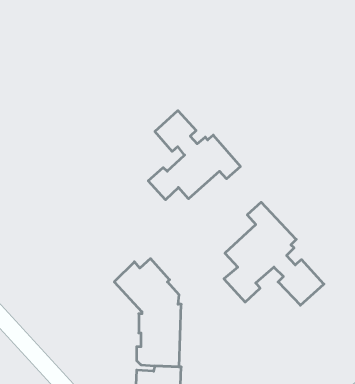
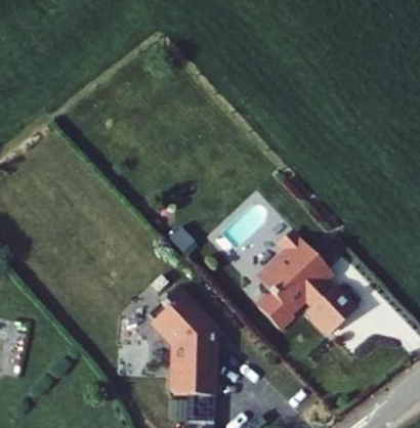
building: [148,111,240,200] -> none

